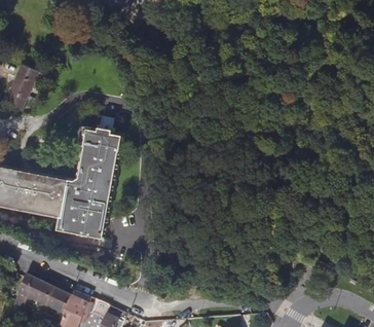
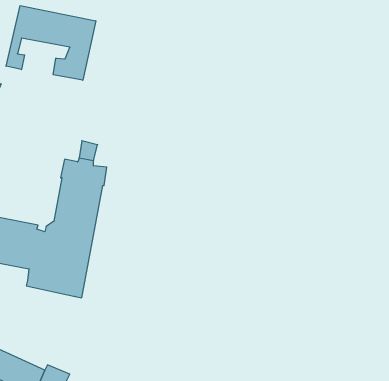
building: none -> [6,6,96,80]

